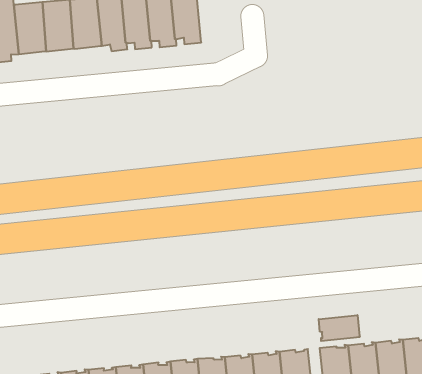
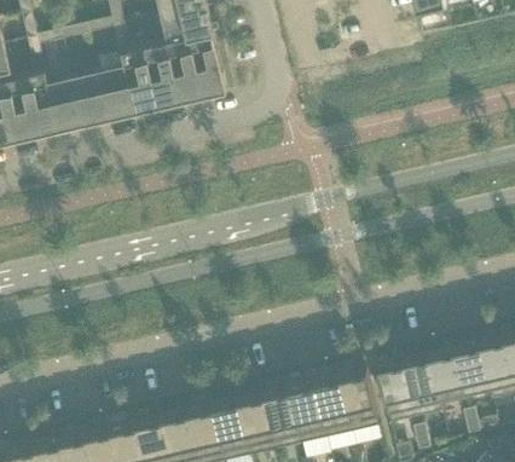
building: [319,315,360,341] -> none

